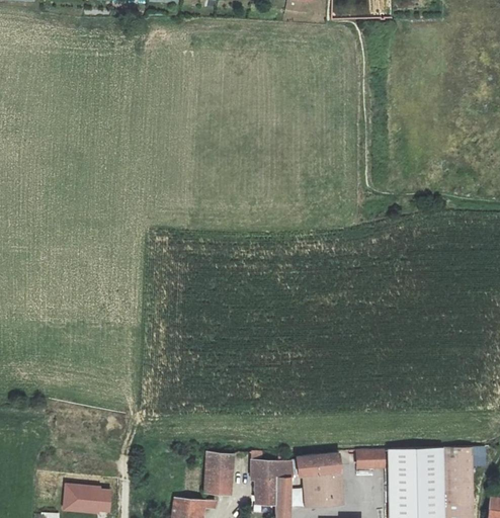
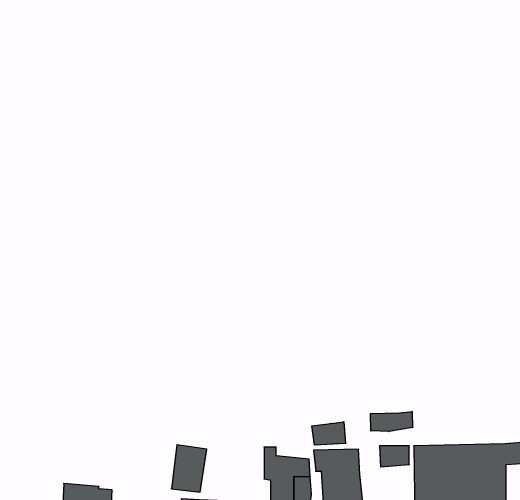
building: none -> [371,411,413,432]
building: none -> [312,422,345,445]
building: [203,452,236,496] -> [171,445,207,492]

